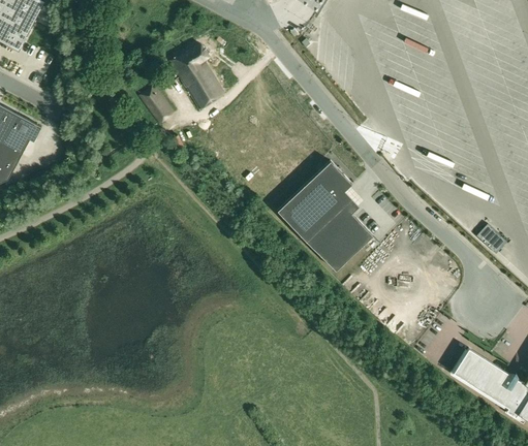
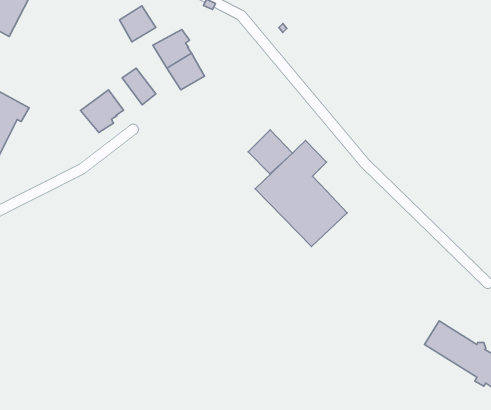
building: none -> [119,6,156,42]
building: none -> [80,90,123,133]
building: none -> [248,130,292,174]

